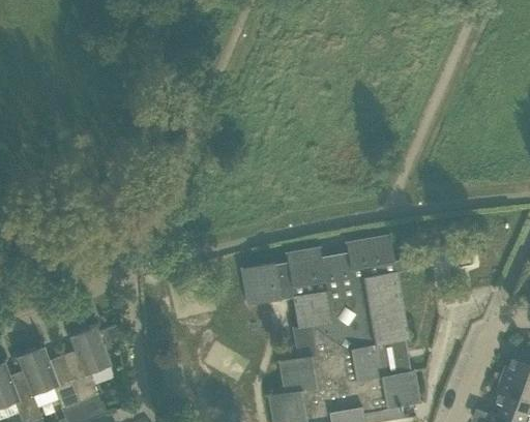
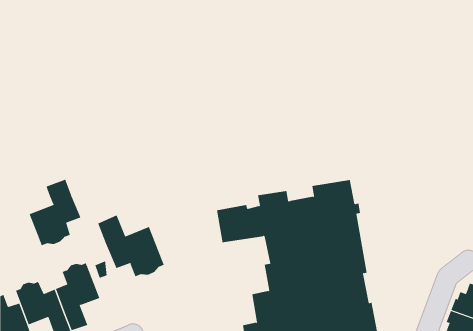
building: none -> [29,179,81,246]
building: none -> [97,214,165,277]

